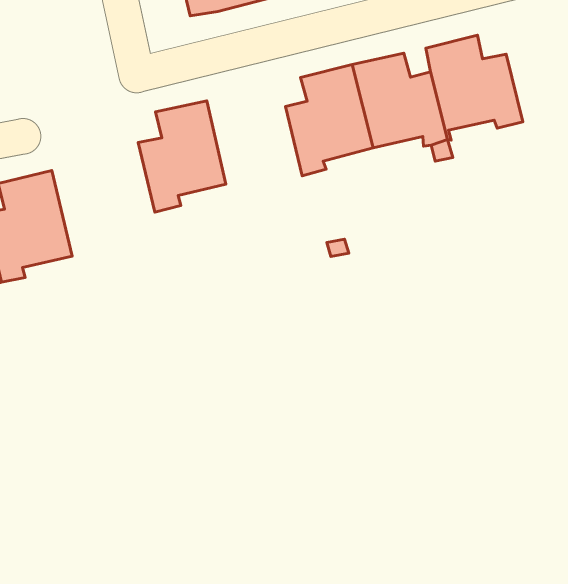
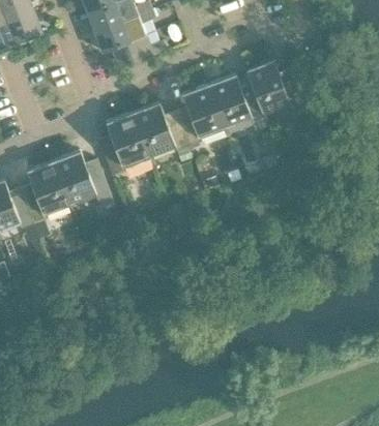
building: none -> [133,102,188,156]
building: none -> [54,151,113,208]

